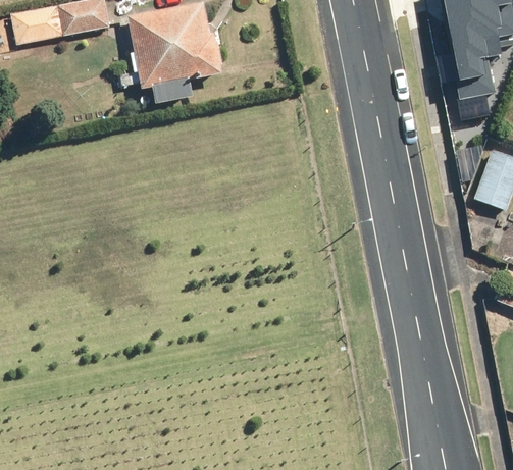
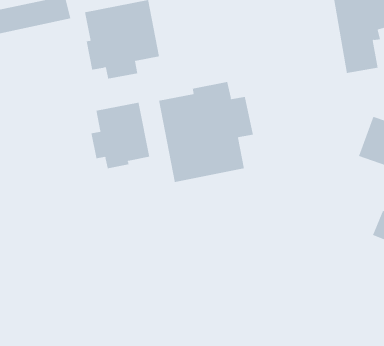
building: none -> [158,81,253,183]
building: none -> [91,102,150,169]

